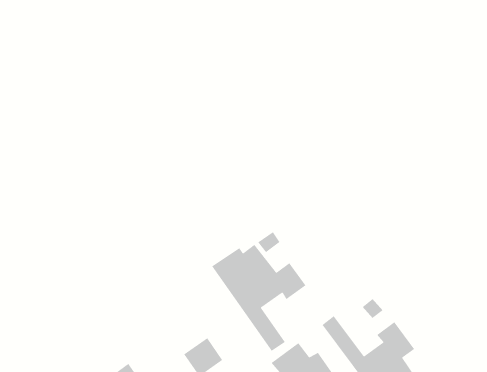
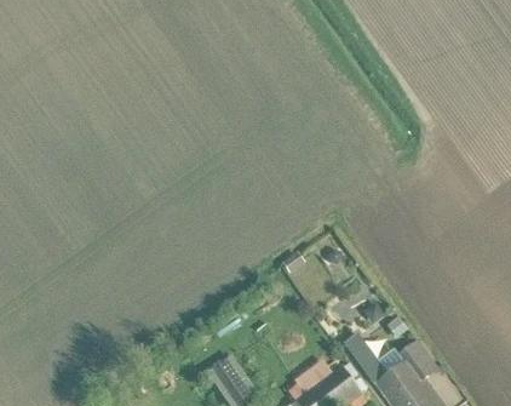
building: [211,244,306,352] -> none

